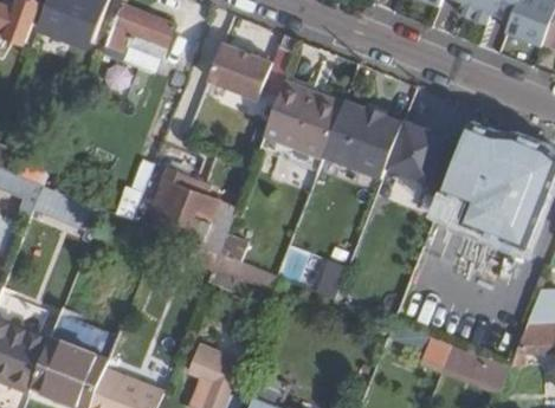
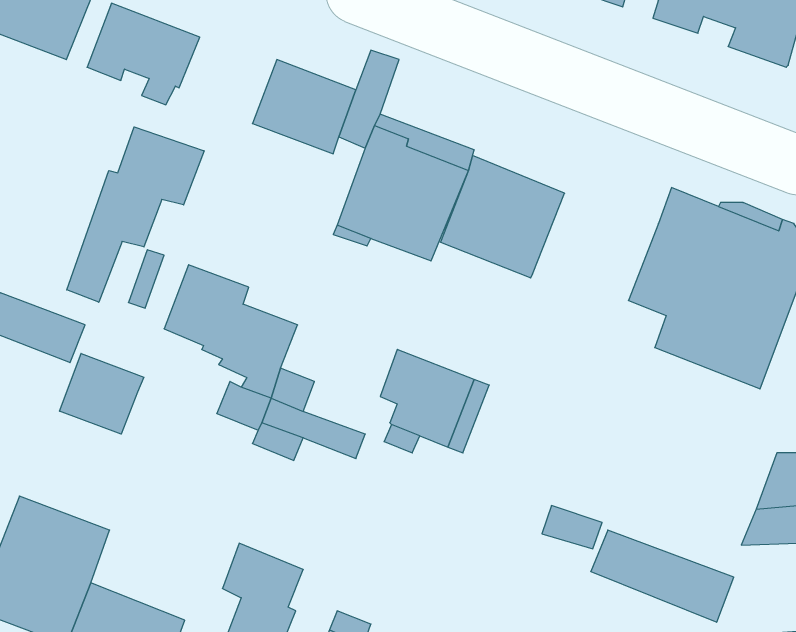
building: none -> [67,127,204,302]
building: [382,122,462,199] -> none
building: none -> [60,353,144,434]

